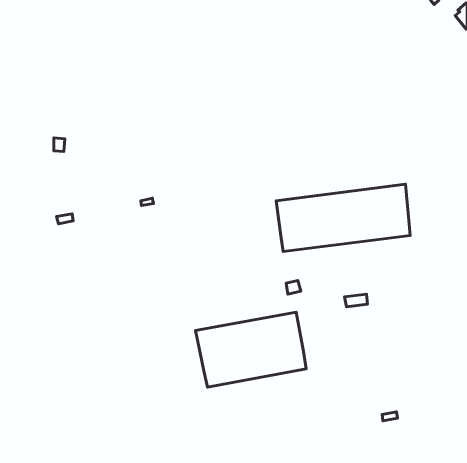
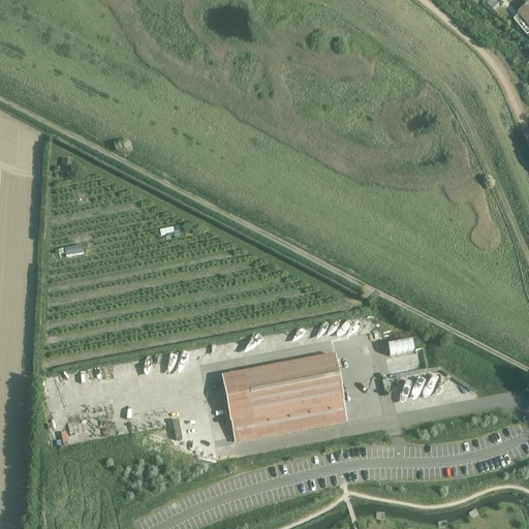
building: [276,184,410,251] -> none

